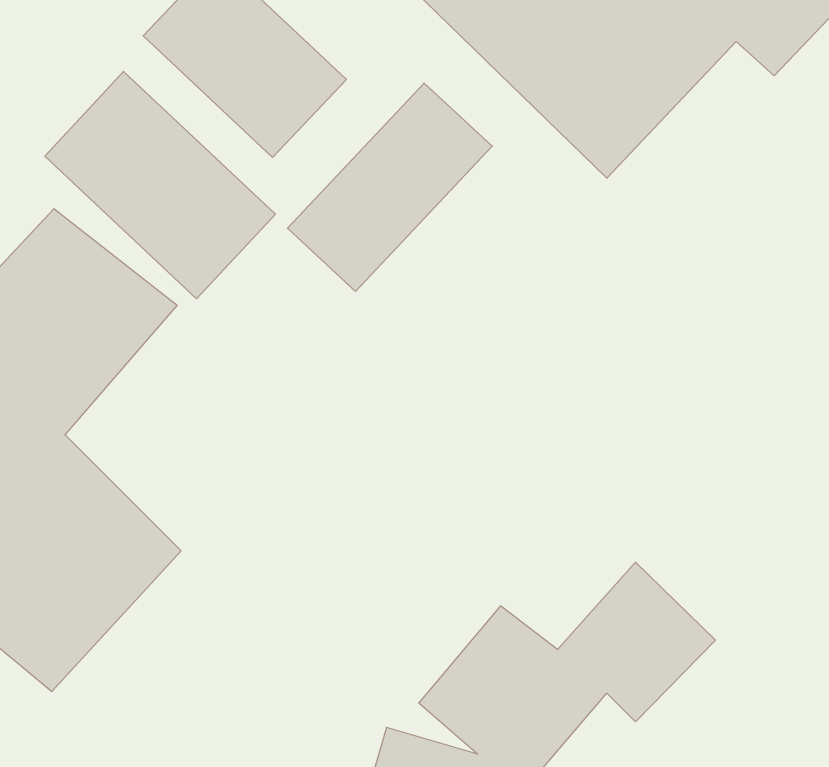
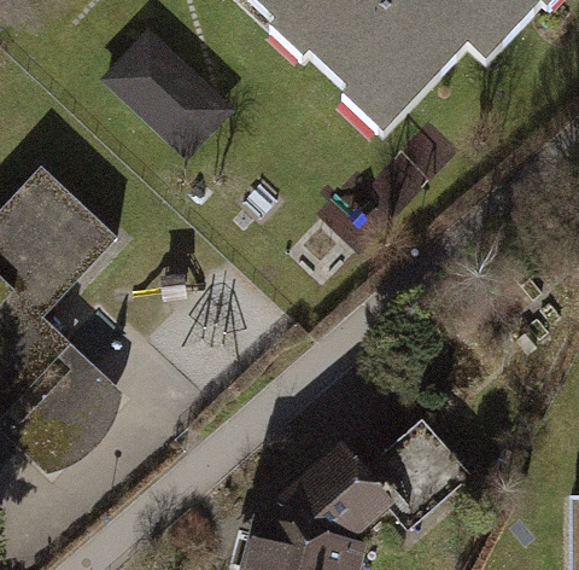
building: [45,71,275,299] -> none
building: [287,83,492,291] -> none

